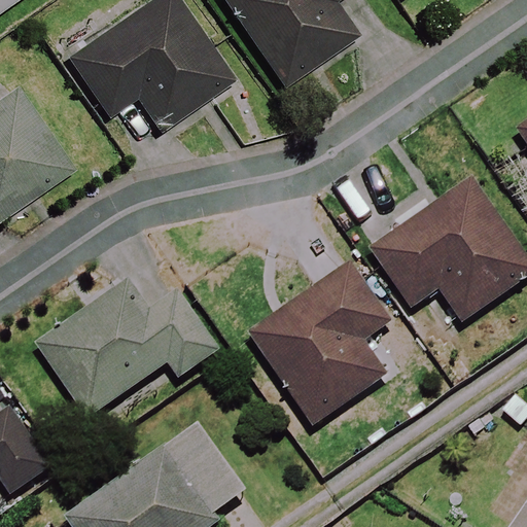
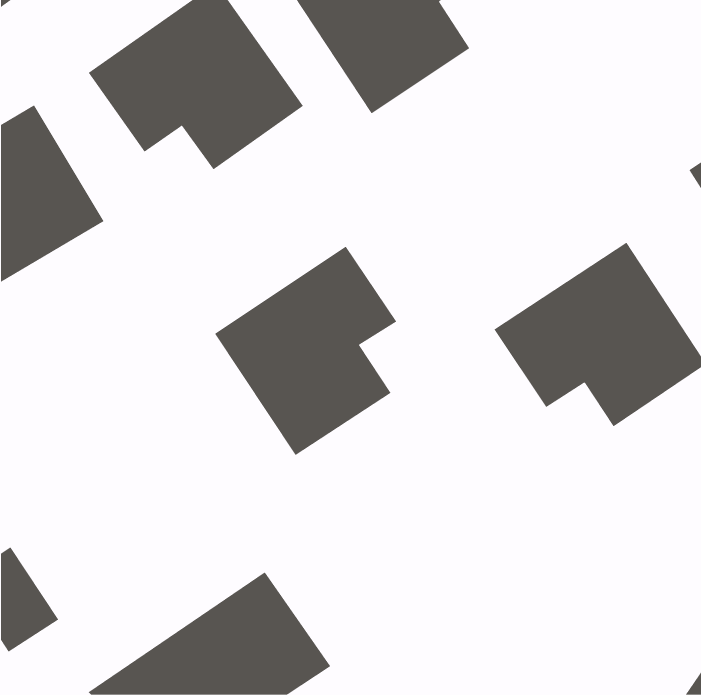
building: [36,233,218,420] -> none
building: [251,266,388,423] -> [214,246,397,456]

